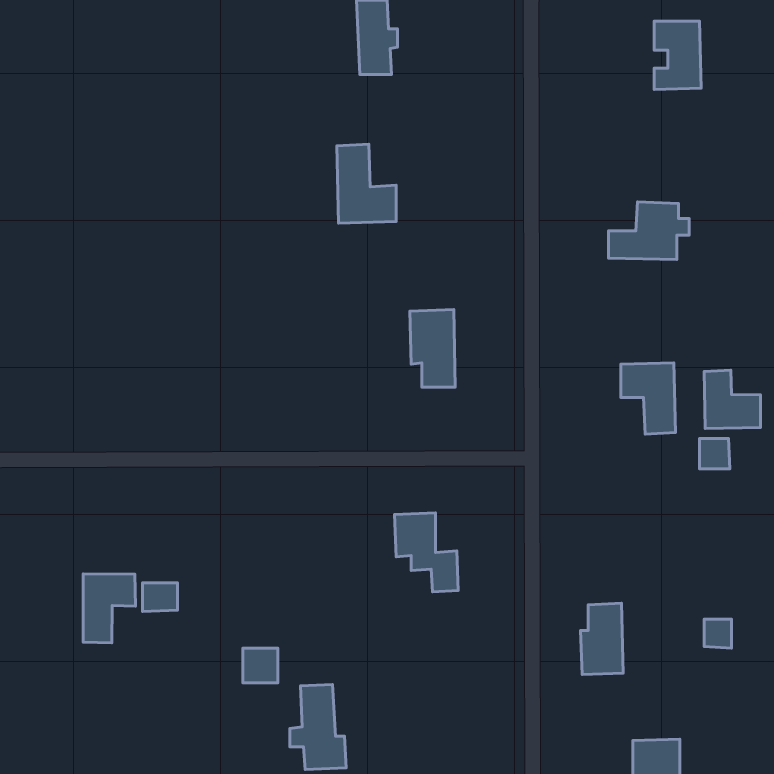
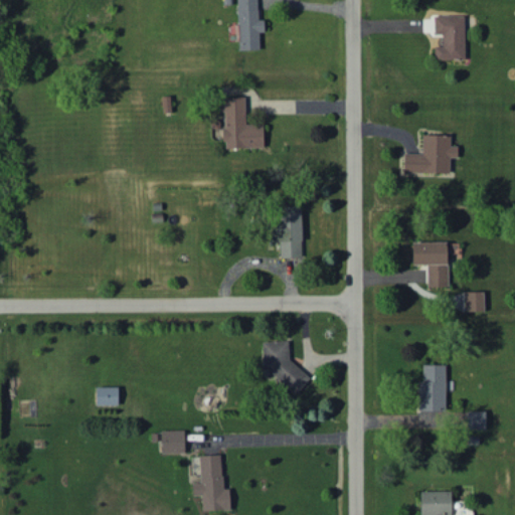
building: [704,370,761,429] -> none
building: [83,574,135,643] -> none
building: [581,603,623,675] -> [418,364,447,411]

